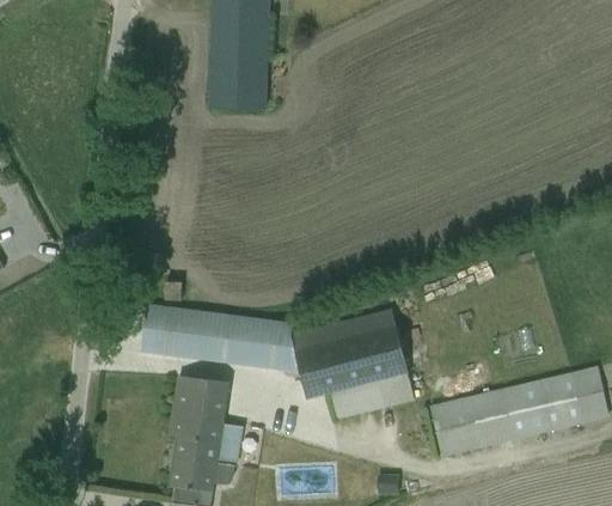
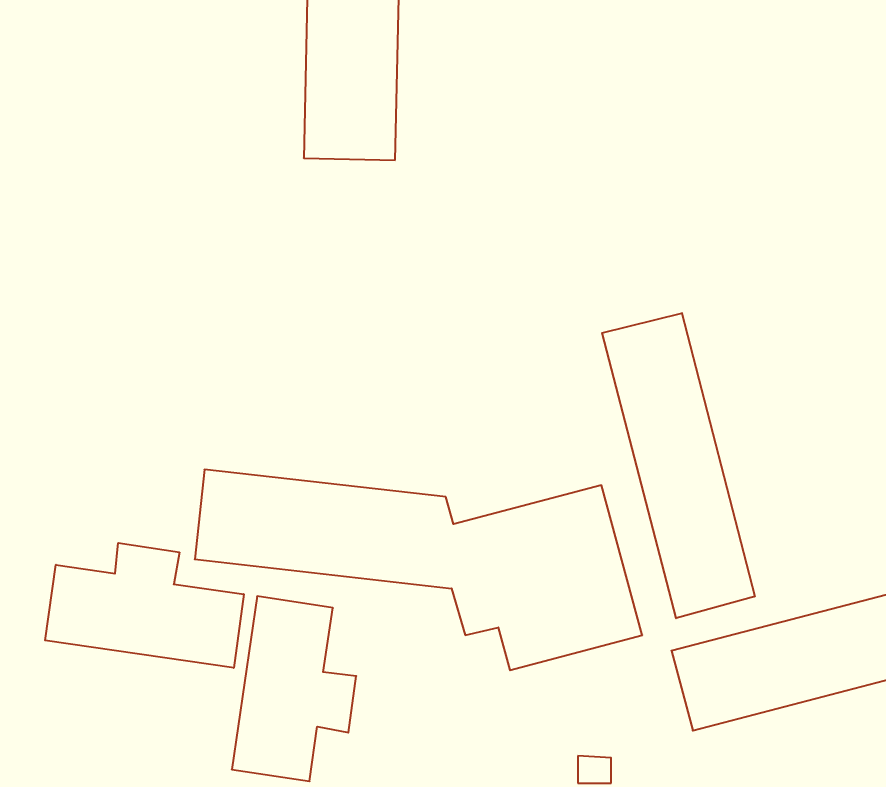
building: none -> [602,313,755,618]
building: none -> [45,543,244,668]

